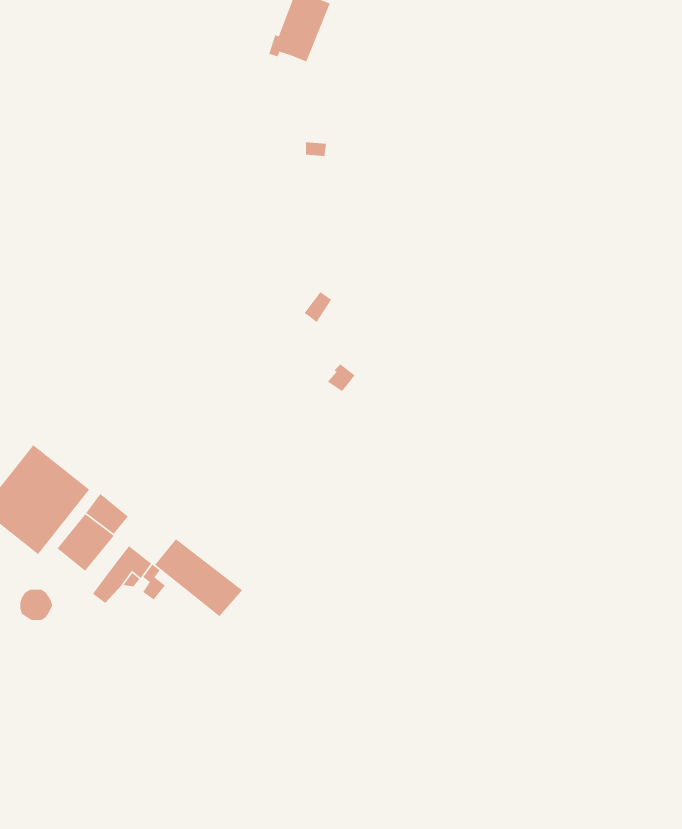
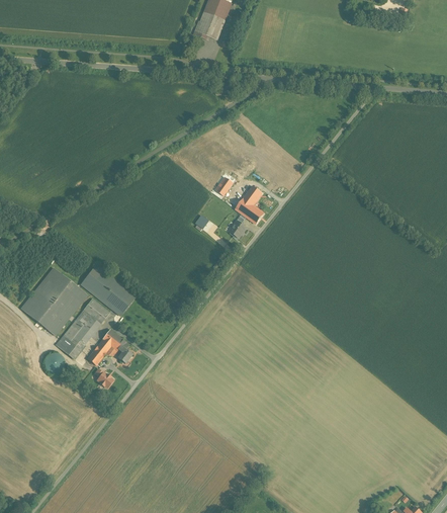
building: none -> [235,185,263,224]
building: [154,538,243,617] -> [80,267,133,315]
building: none -> [56,331,83,358]

